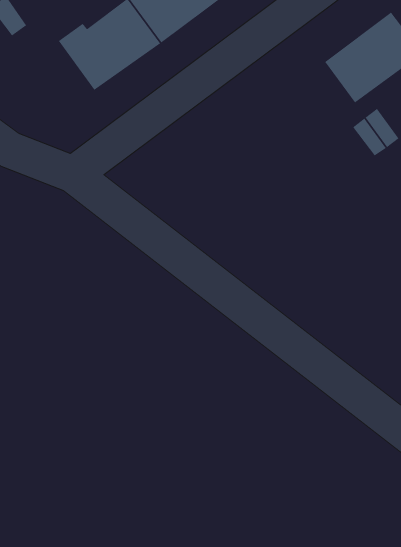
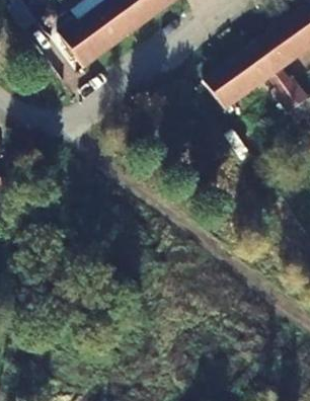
building: none -> [203,46,275,111]

